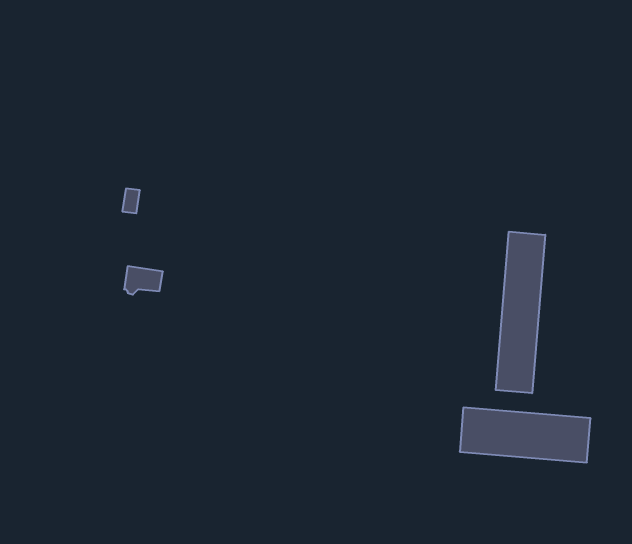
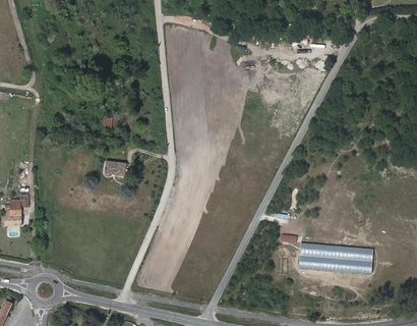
building: [496,232,545,393] -> none

